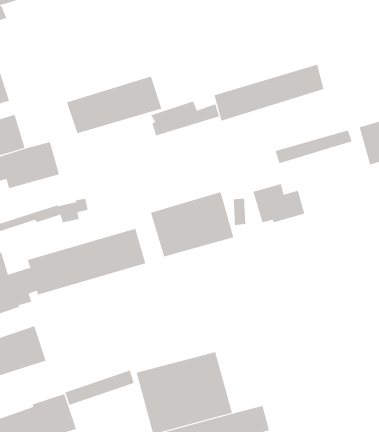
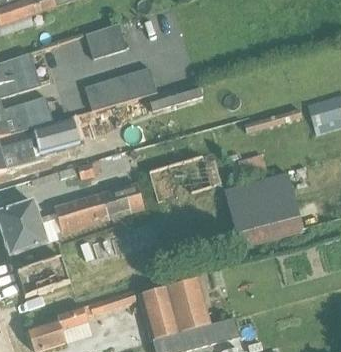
building: none -> [85,22,127,58]
building: [214,64,324,122] -> none
building: none -> [223,170,304,249]

